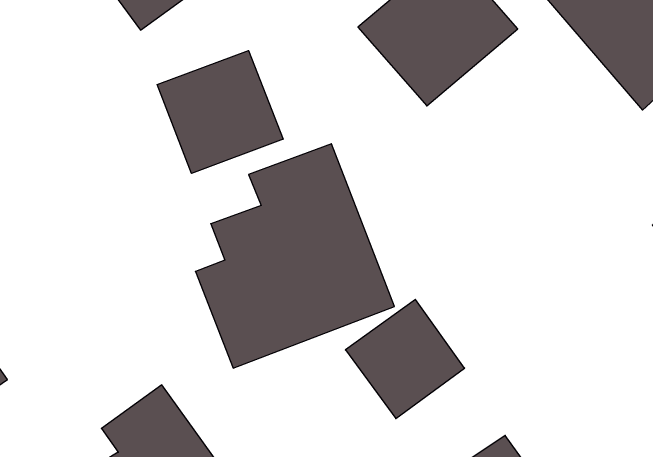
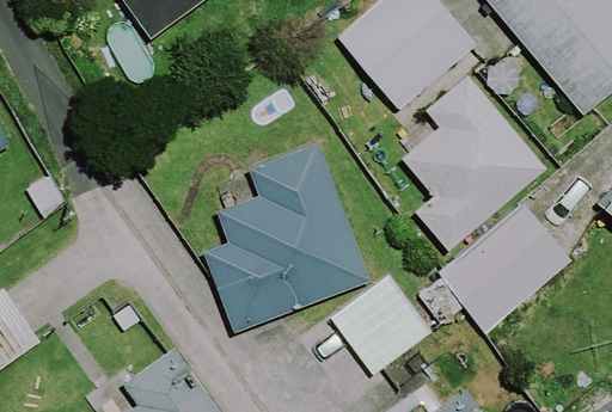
building: [157,51,283,173] -> none
building: none -> [399,72,544,248]
building: none -> [436,199,571,331]

